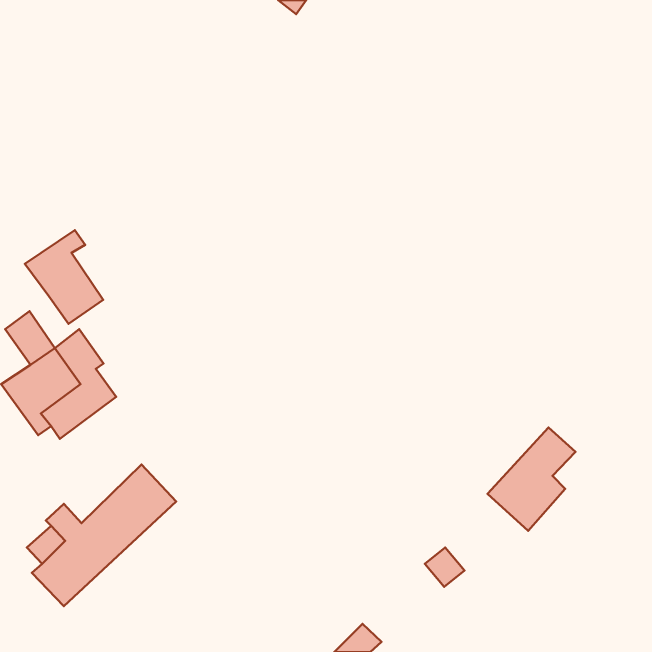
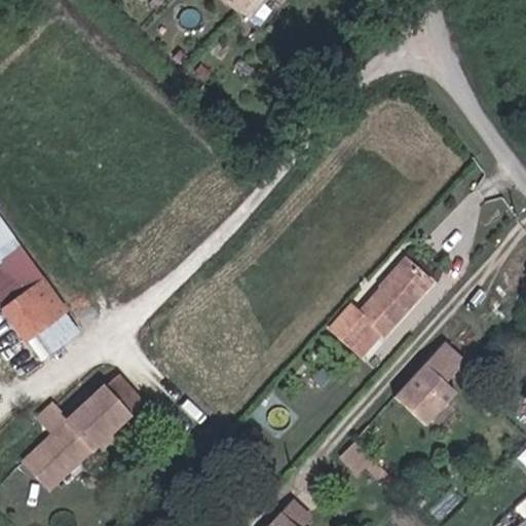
building: [25,230,103,324] -> none
building: none -> [331,262,431,348]

